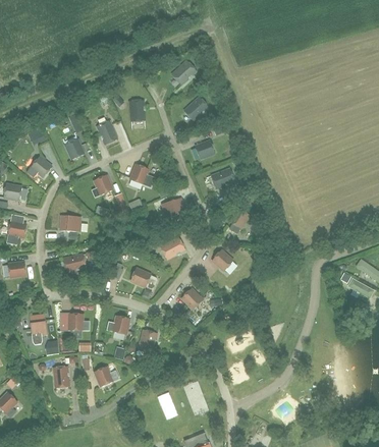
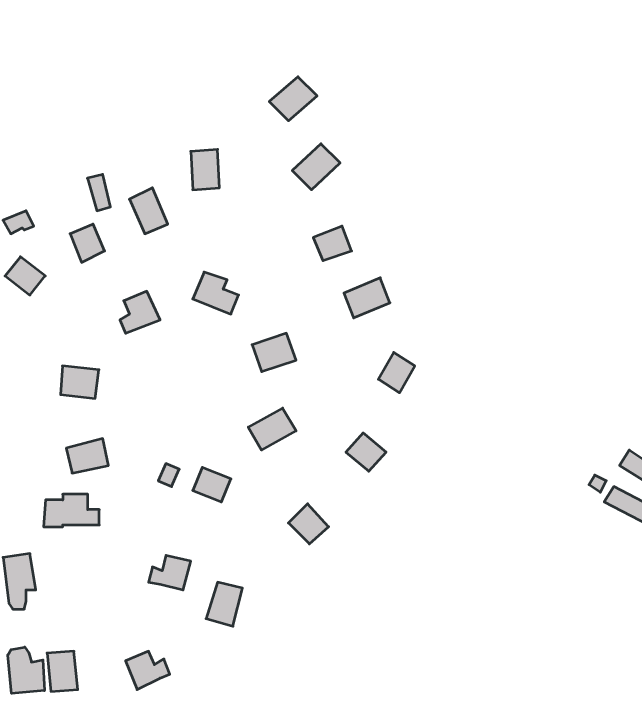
building: [59,313,89,330] -> [44,494,99,527]
building: none -> [8,647,44,693]

